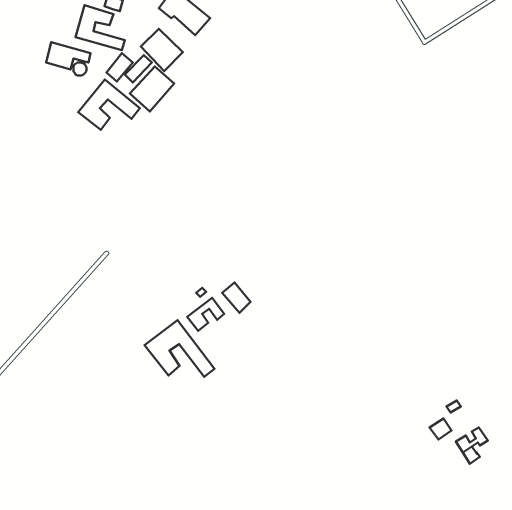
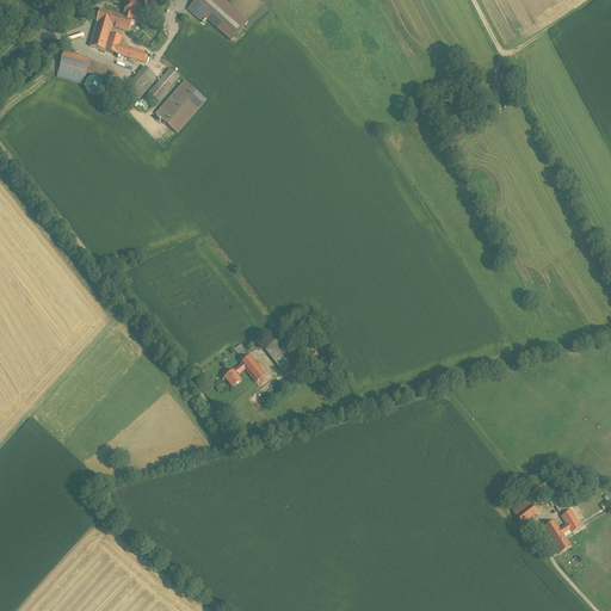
building: [141,29,183,71] -> none
building: [78,80,140,130] -> none
building: [144,320,214,377] -> none

